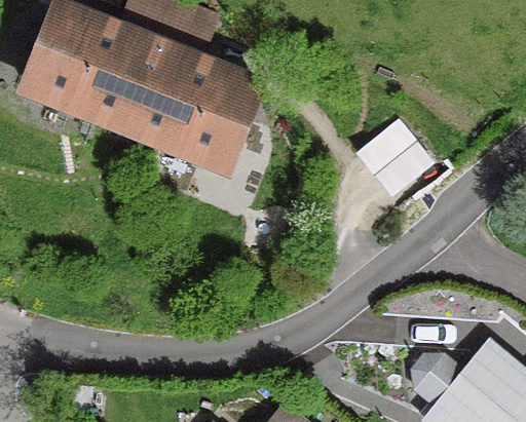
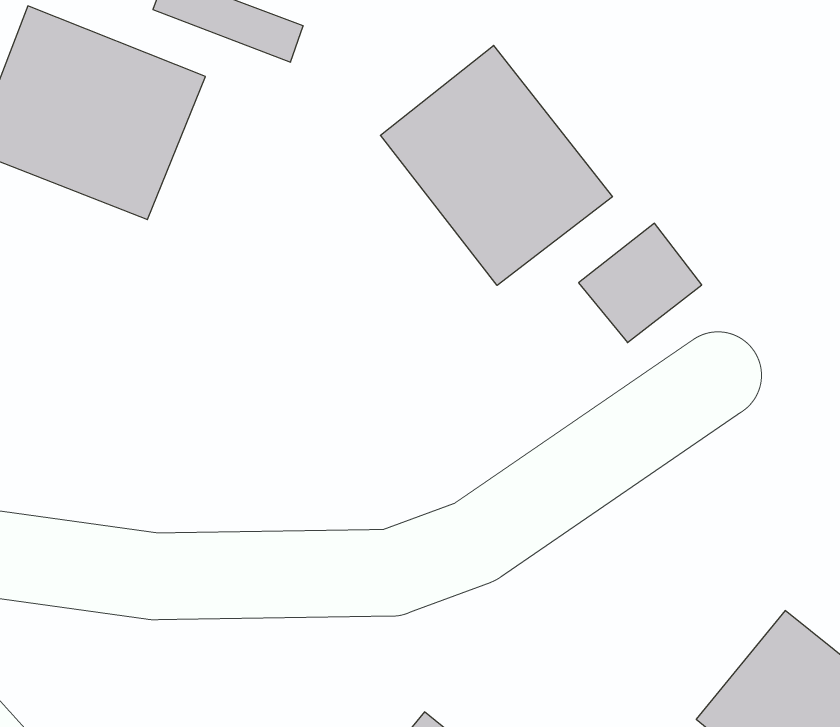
building: none -> [380,45,612,285]
building: [121,46,254,167] -> none

